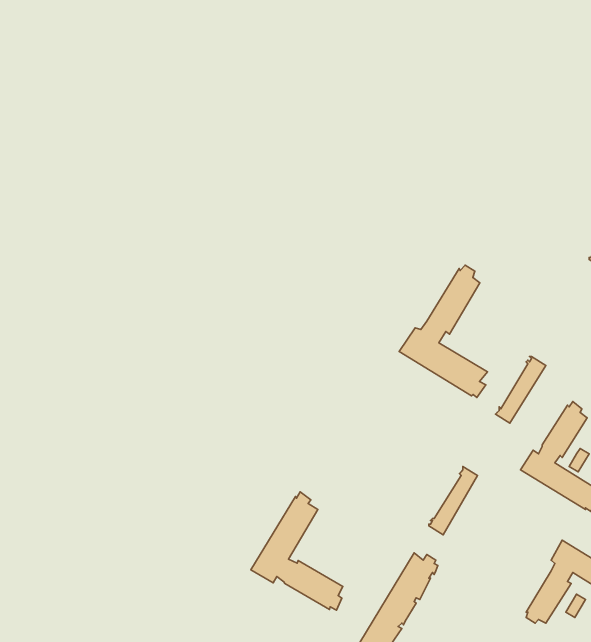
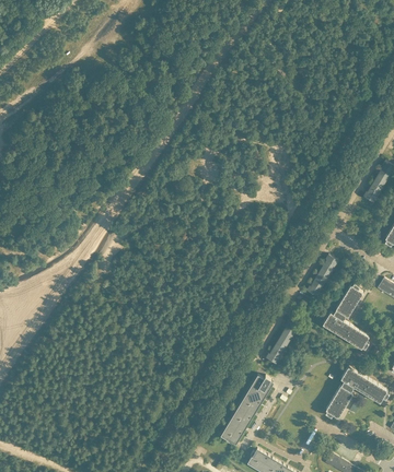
building: [399,265,487,397] -> none
building: [251,492,343,610] -> none

